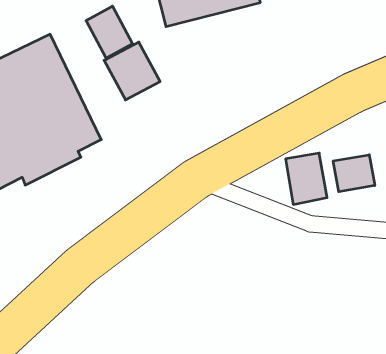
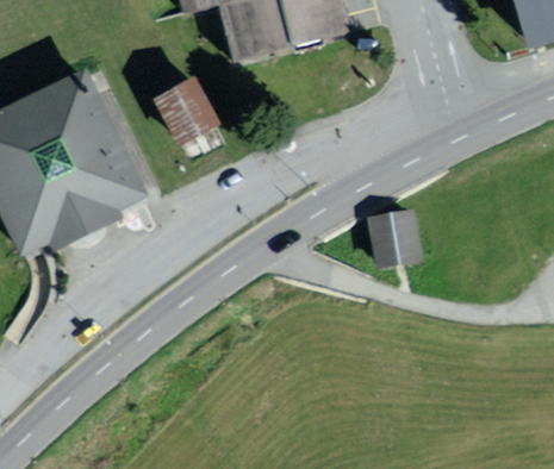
building: [86,6,133,58] -> none
building: [333,155,375,192] -> none

